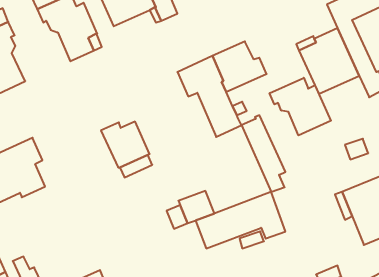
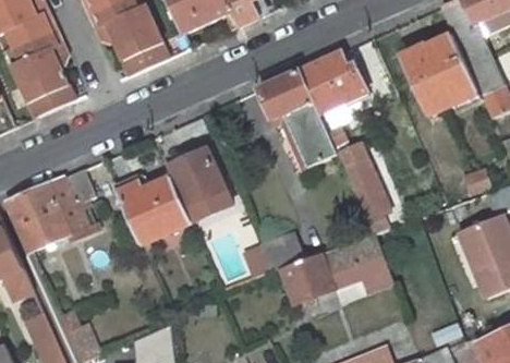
building: [270,78,331,135] -> none
building: none -> [113,174,192,244]

